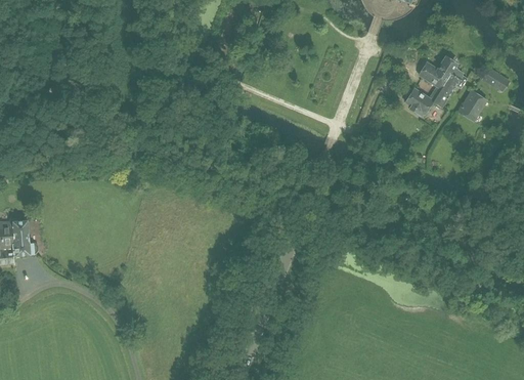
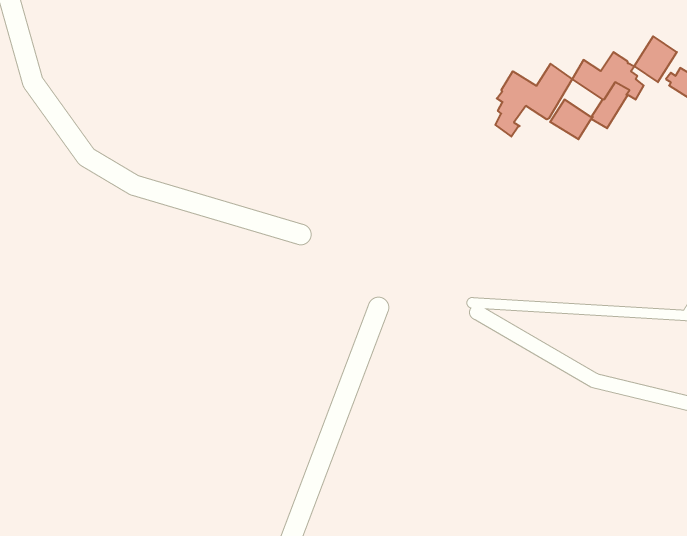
building: none -> [495,64,572,137]
building: [456,91,484,121] -> [634,36,677,82]

